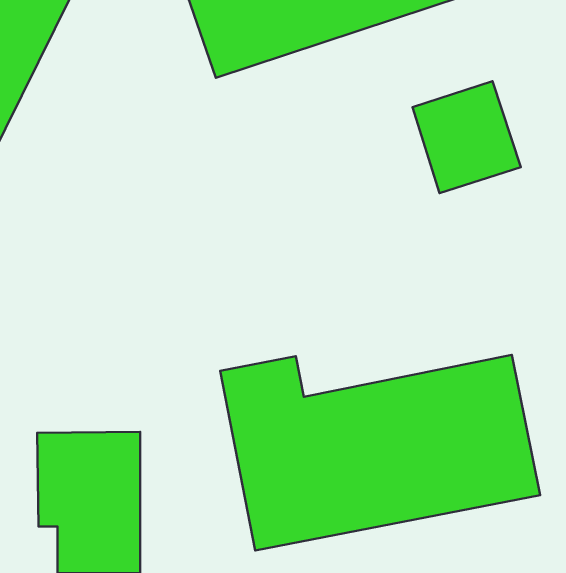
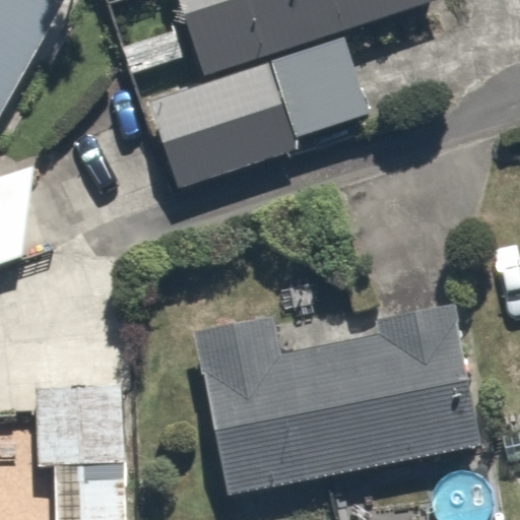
building: none -> [139,59,284,184]
building: [412,81,521,193] -> [261,31,359,132]

